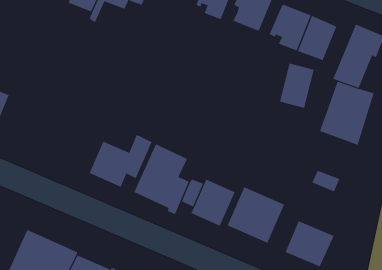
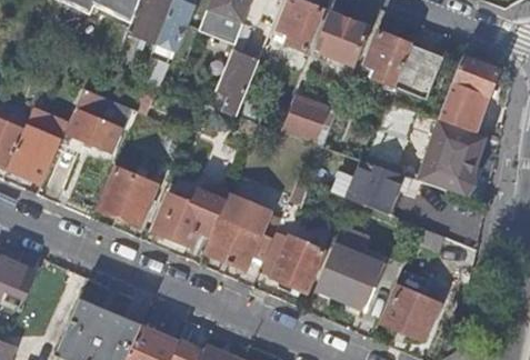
building: none -> [217,50,258,114]
building: none -> [66,88,120,151]
building: none -> [280,94,327,141]
building: none -> [349,161,402,213]
building: none -> [94,164,153,223]

